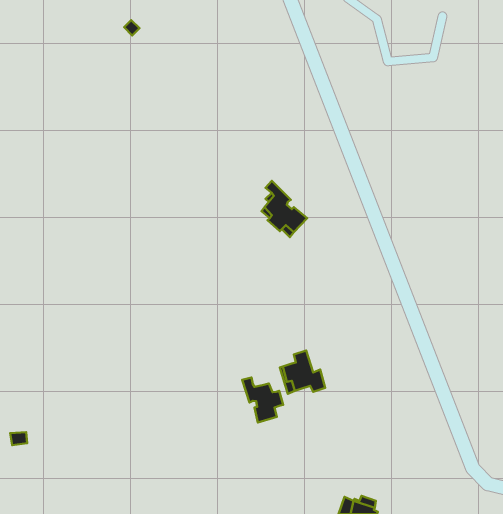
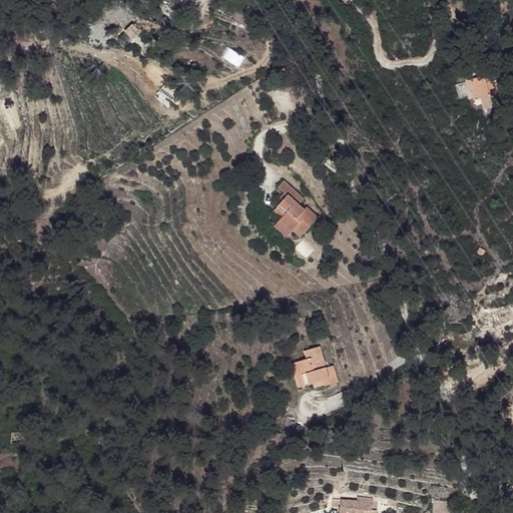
building: [242,377,283,422] -> none

